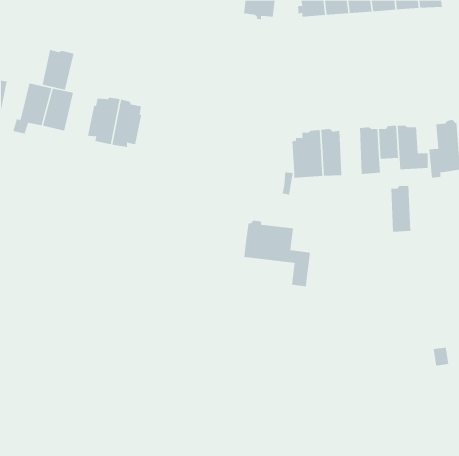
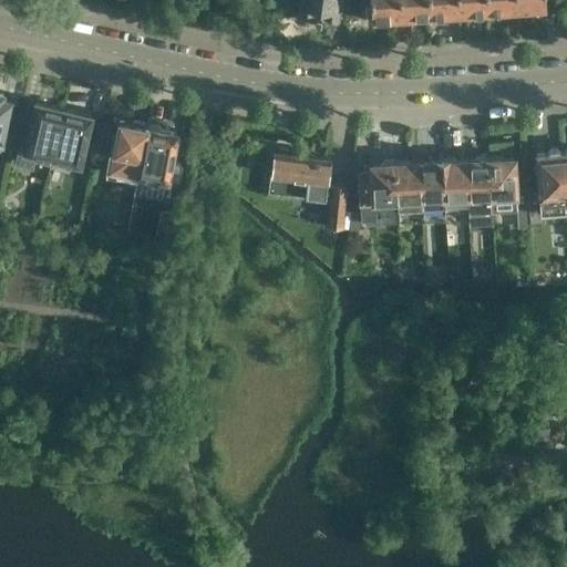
building: [42,49,74,90] -> none
building: [390,185,411,232] -> [420,162,445,219]
building: [243,220,311,287] -> [269,151,352,233]

